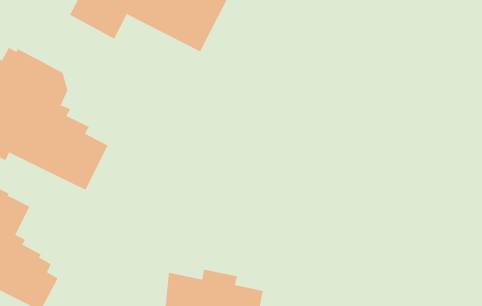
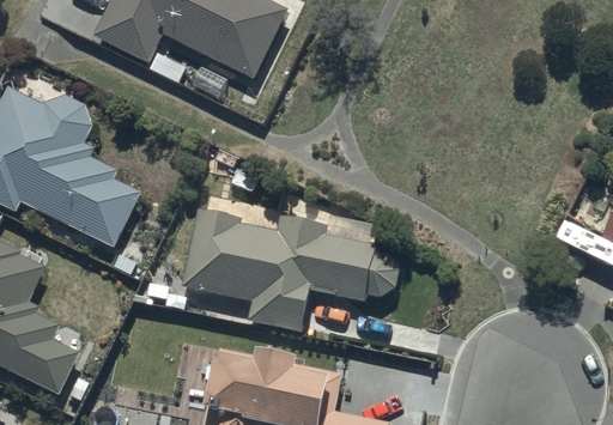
building: none -> [182,199,399,332]

